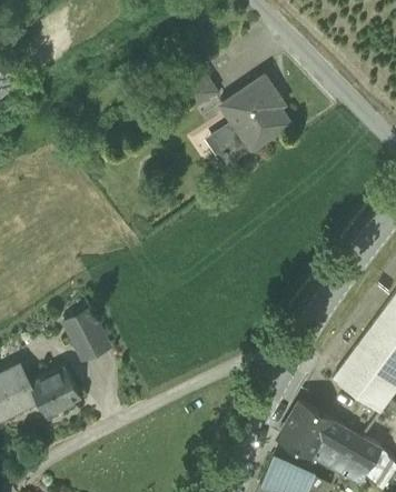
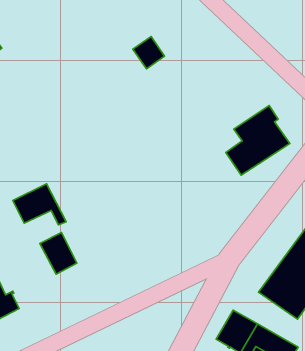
building: [210,76,289,161] -> [226,106,290,175]
building: none -> [13,184,66,225]
building: [28,365,80,415] -> none

